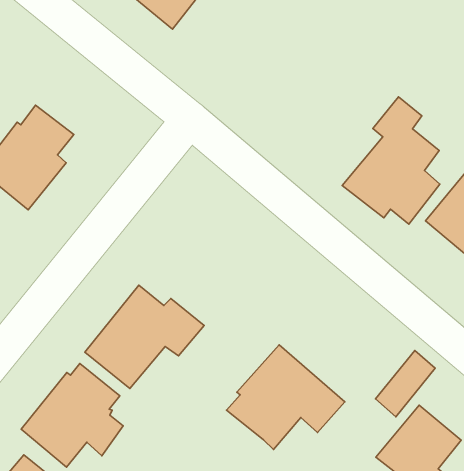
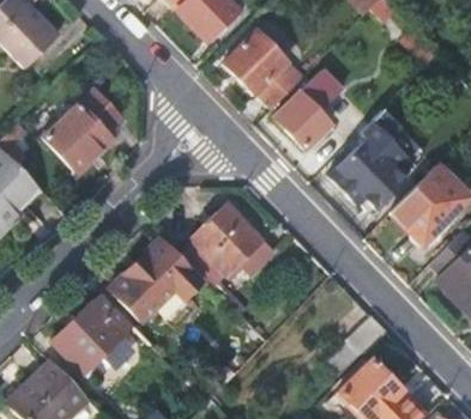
building: none -> [224,29,307,109]
building: none -> [274,80,333,150]
building: [227,345,345,449] -> [181,202,274,284]

